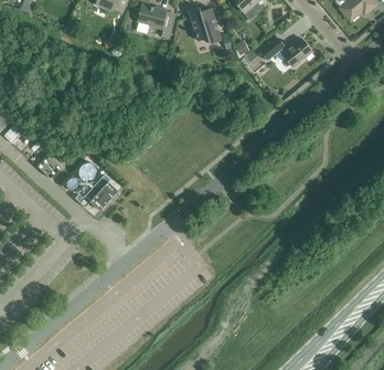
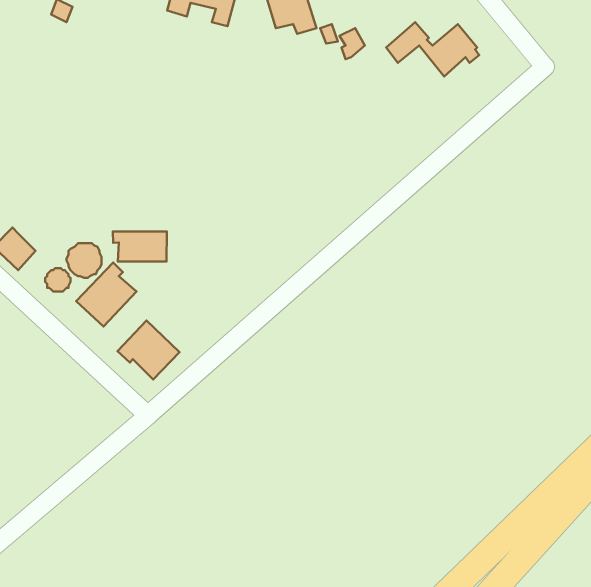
building: none -> [113,232,167,262]
building: none -> [118,320,179,379]

